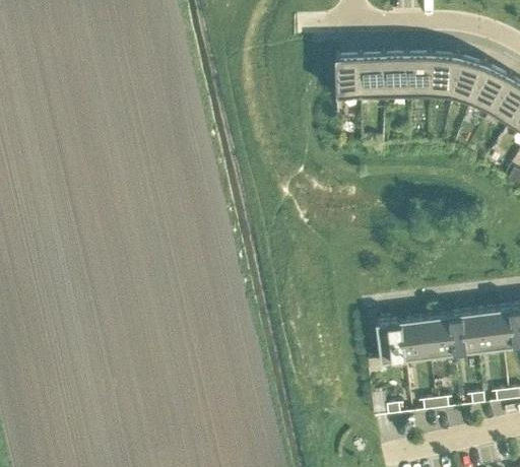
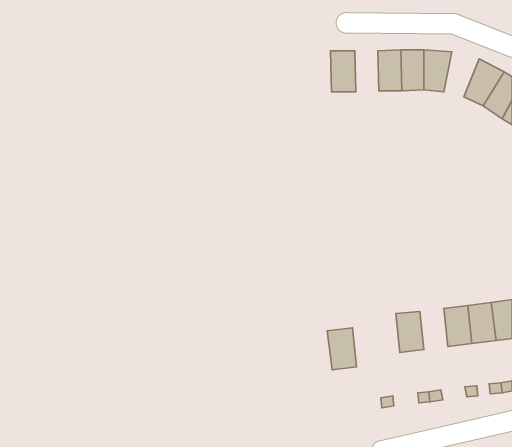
building: [360,55,384,96] -> none
building: [450,56,485,102] -> none
building: [426,316,454,357] -> none
building: [376,321,405,363] -> [327,328,356,370]

